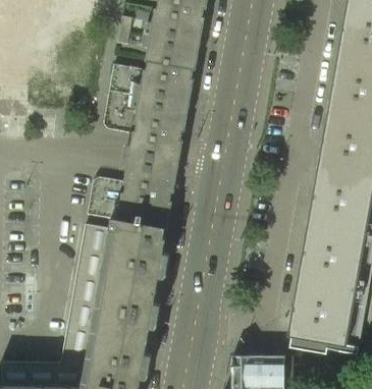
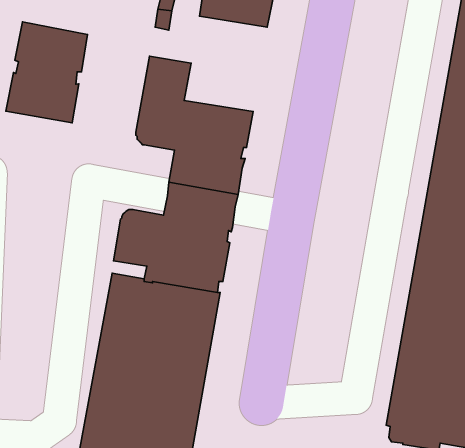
building: [139,35,200,105] -> none
building: none -> [6,22,87,123]

